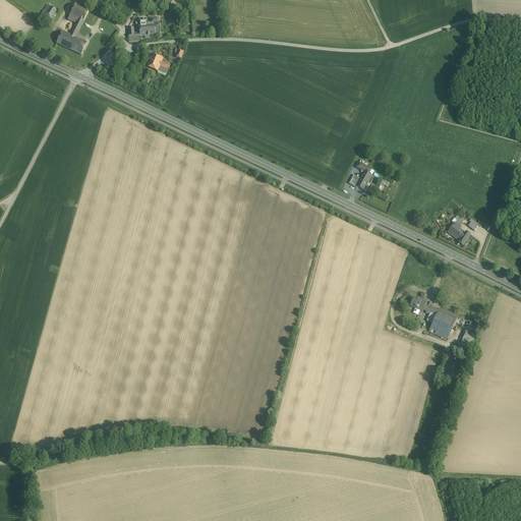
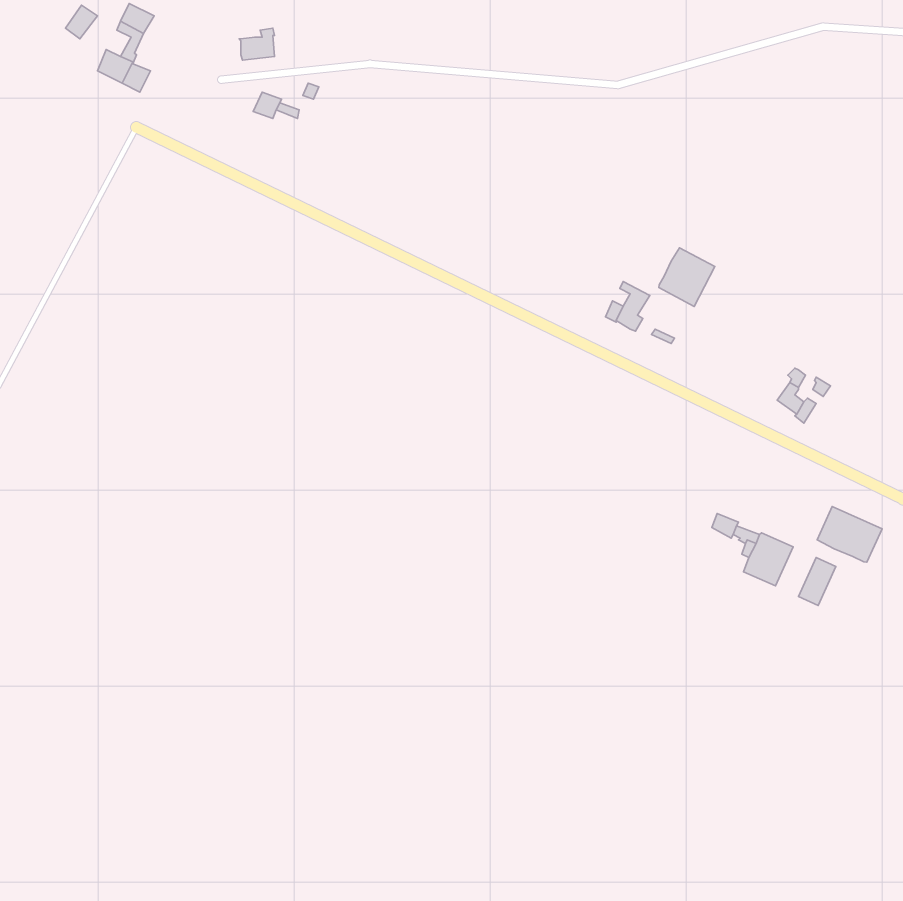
building: none -> [659,248,715,306]
building: none -> [817,507,882,562]

